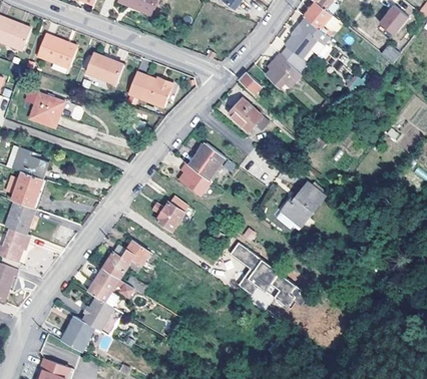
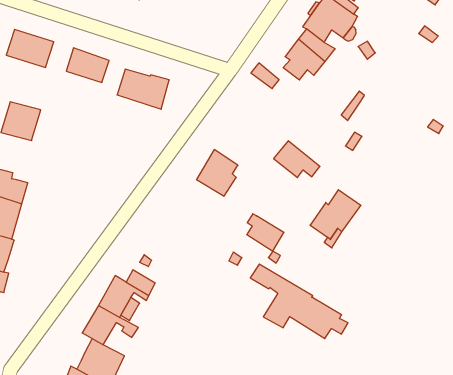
building: [229,99,267,130] -> [274,141,320,178]
building: [179,164,210,197] -> [247,214,284,251]
building: [151,196,187,230] -> none

